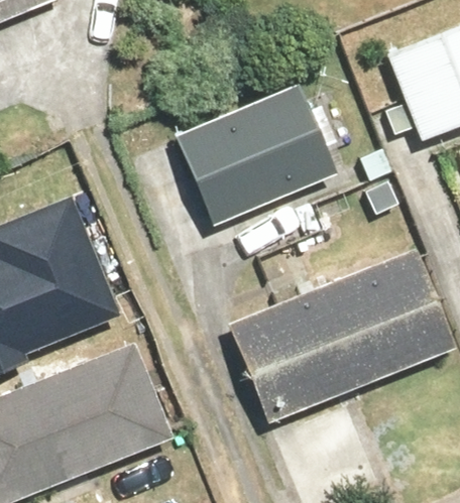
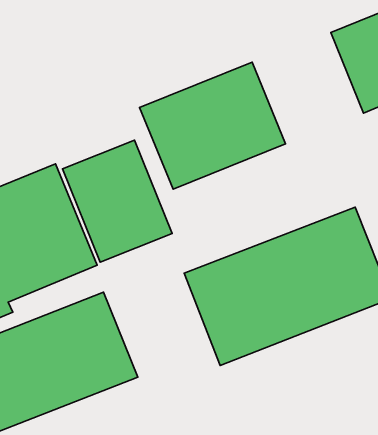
building: none -> [62,140,172,262]

